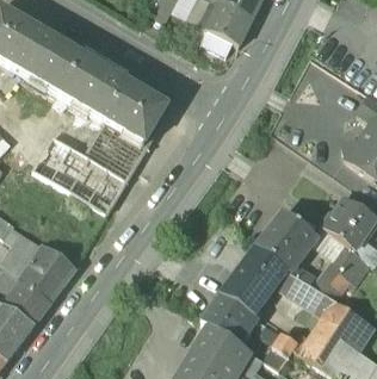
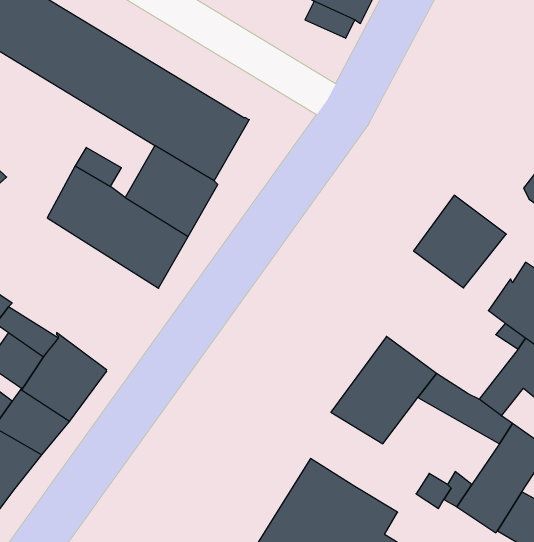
building: [255,210,315,269] -> [414,195,506,288]
building: [202,294,253,342] -> none

